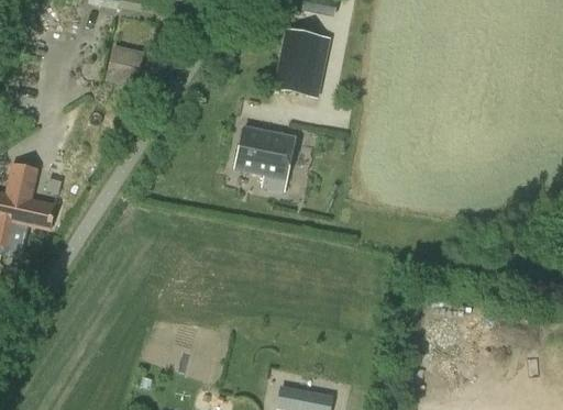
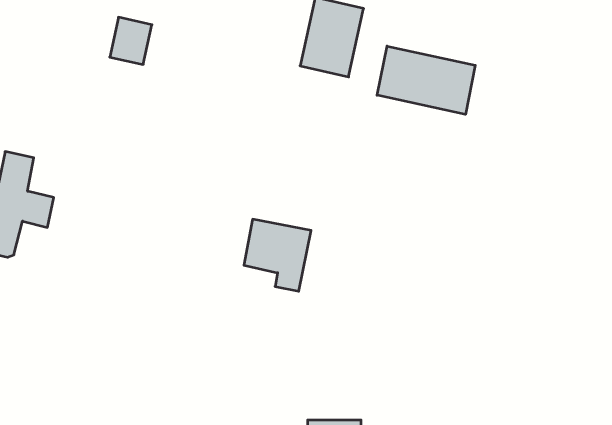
building: none -> [377,46,475,114]
building: [236,126,296,190] -> [244,219,311,291]

